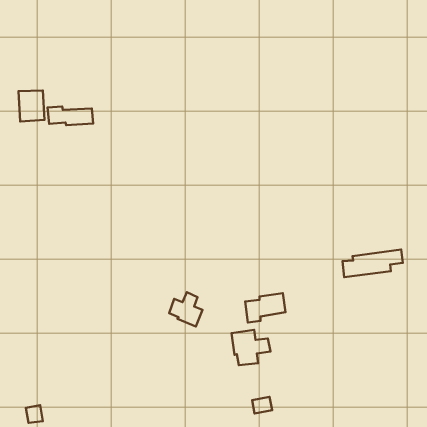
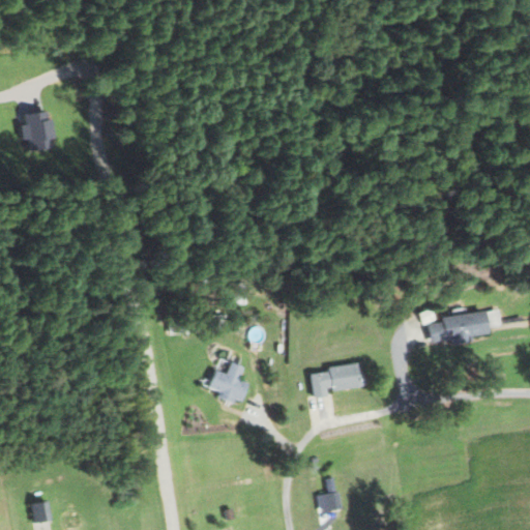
building: [48,107,93,125] -> none
building: [231,330,271,365] -> none

